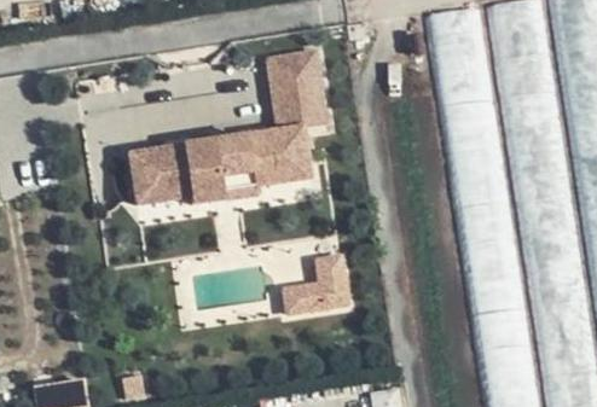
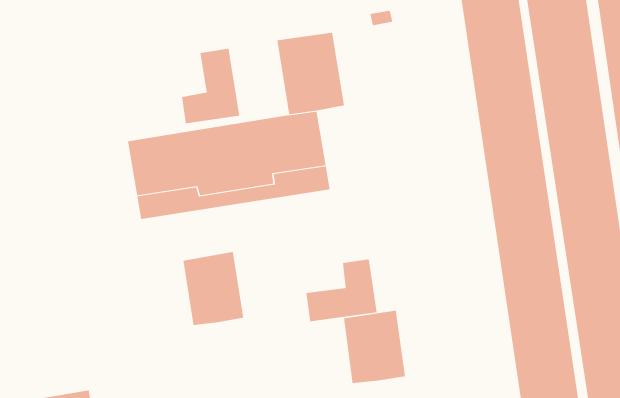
building: none -> [181,48,240,124]
building: none -> [183,251,244,326]
building: none -> [343,310,405,384]

